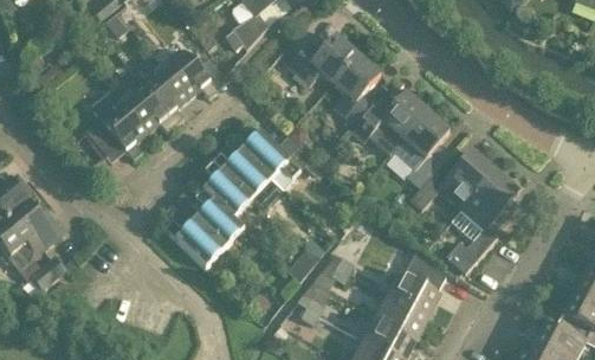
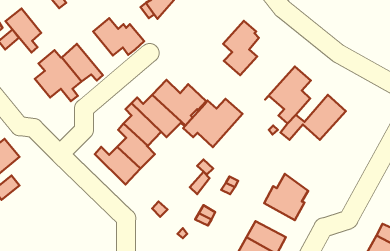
building: [289,34,361,84] -> none
building: [141,66,188,124] -> [5,9,41,52]
building: [350,92,428,156] -> [183,99,242,147]
building: [446,172,518,274] -> none
building: [376,294,428,339] -> none

